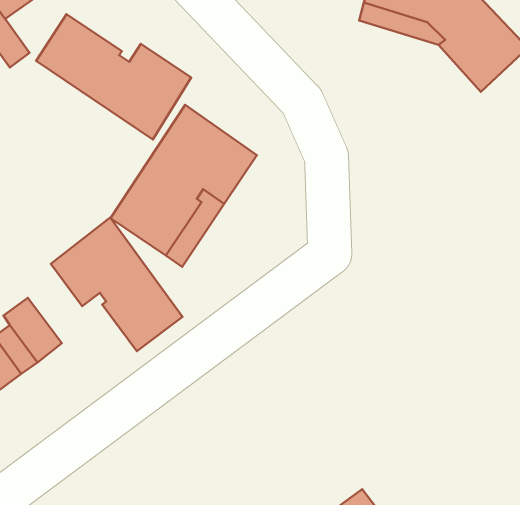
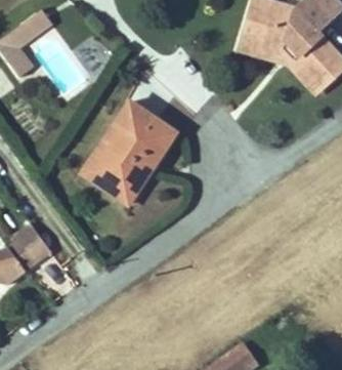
building: [36,14,191,139] -> none
building: [51,217,183,351] -> none

